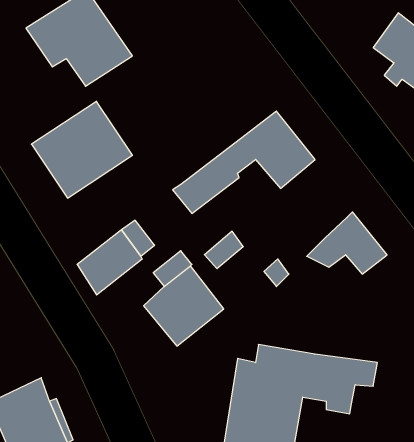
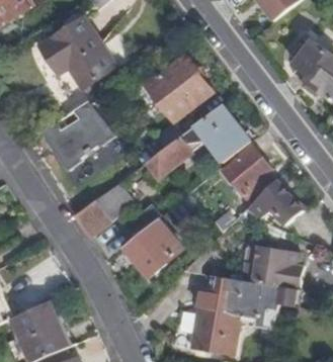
building: none -> [144,57,220,126]
building: none -> [221,147,271,200]
building: none -> [248,247,300,291]

